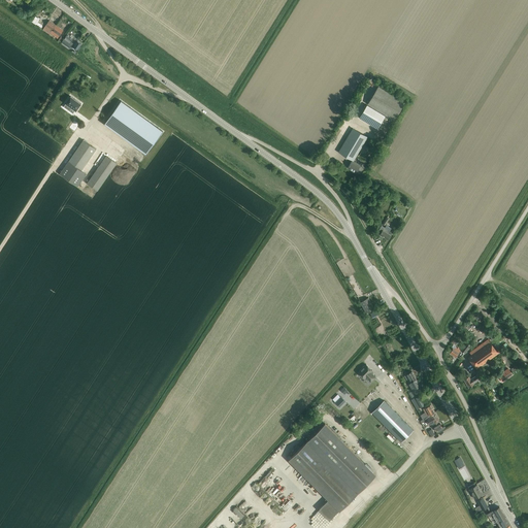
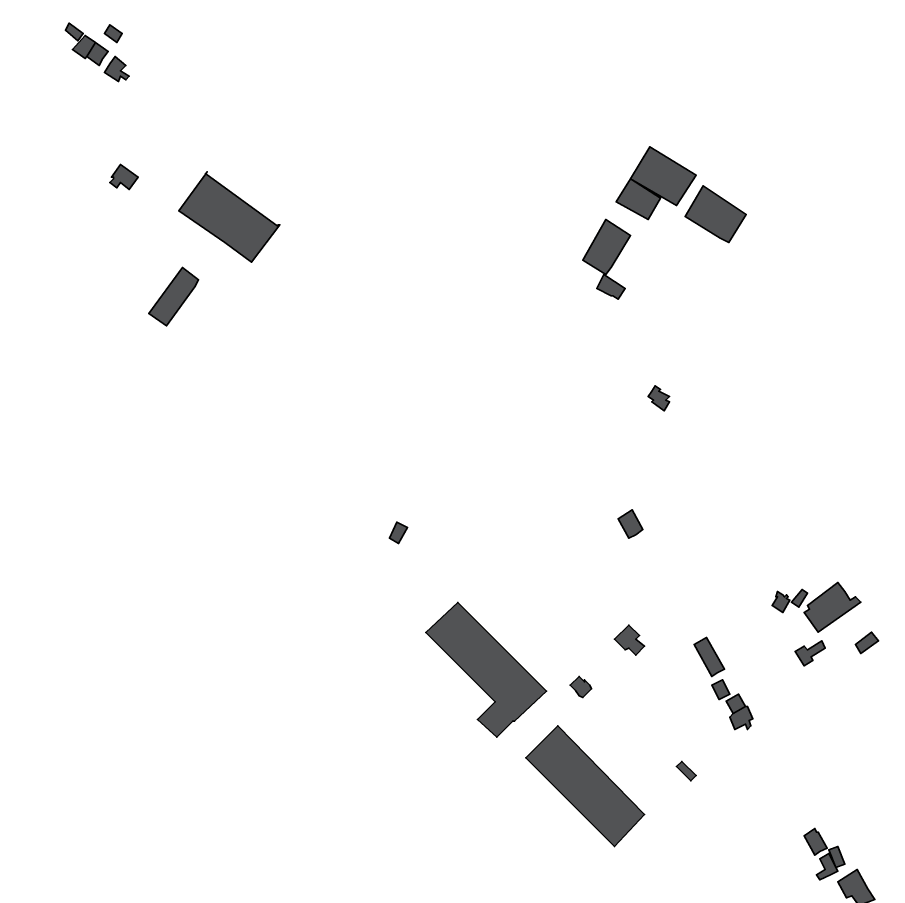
building: none -> [685,186,746,242]
building: [60,140,96,187] -> none
building: [372,401,412,442] -> none
building: [288,442,358,521] -> [426,603,546,737]

